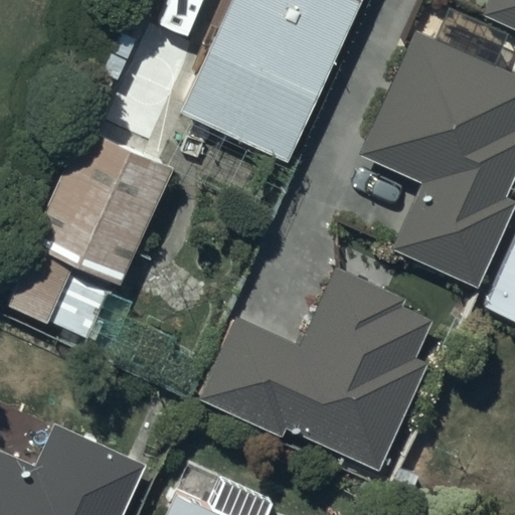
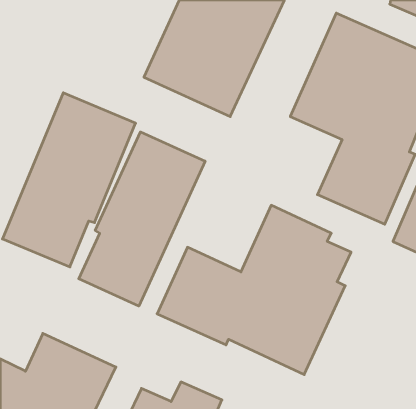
building: none -> [79,132,205,306]

